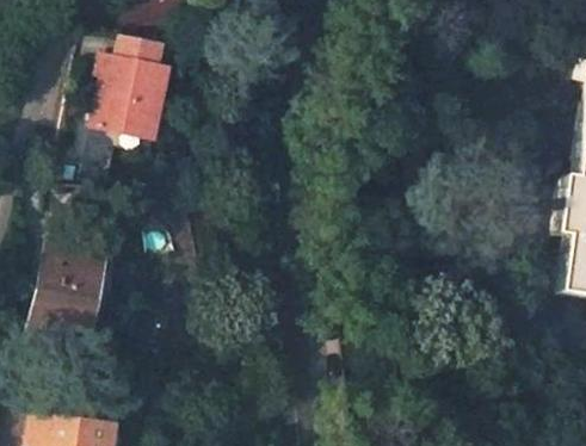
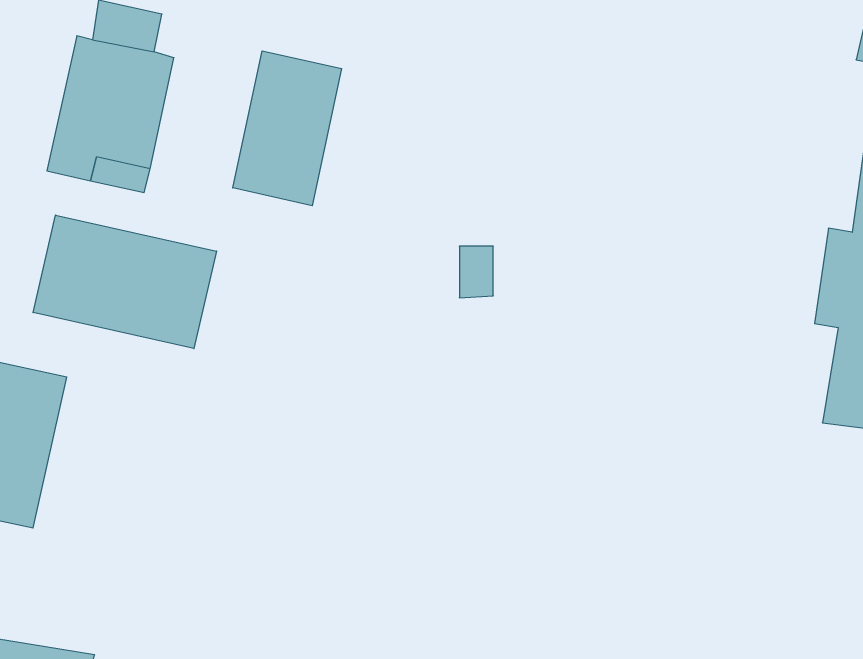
building: none -> [233,51,342,206]
building: none -> [33,215,217,349]

